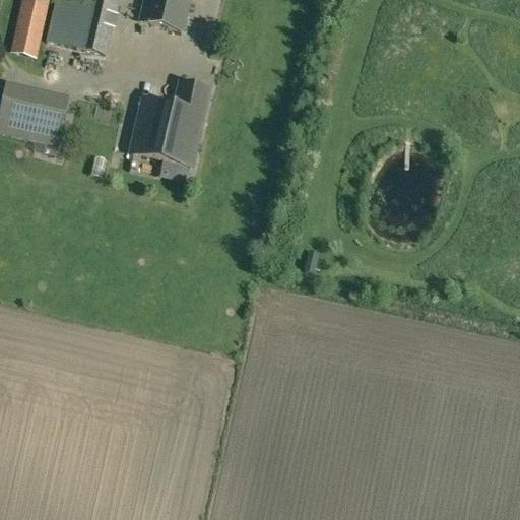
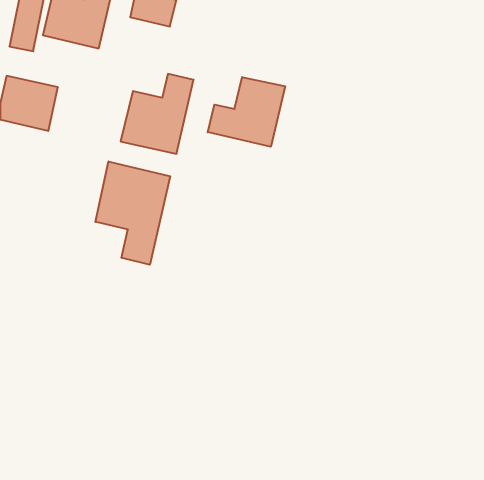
building: none -> [208,77,285,147]
building: none -> [95,161,170,265]

